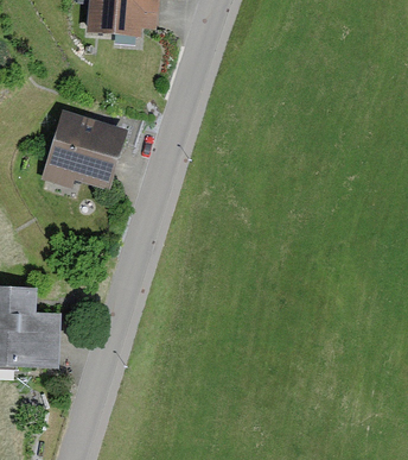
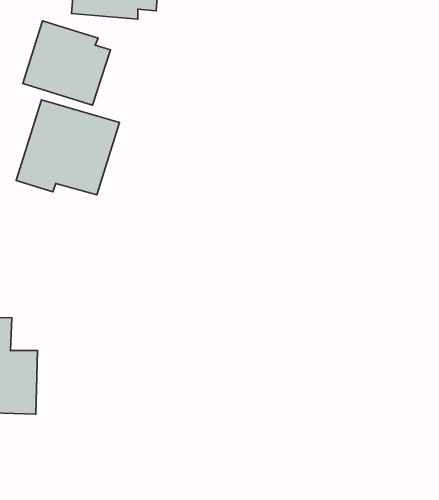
building: none -> [23,21,110,105]

